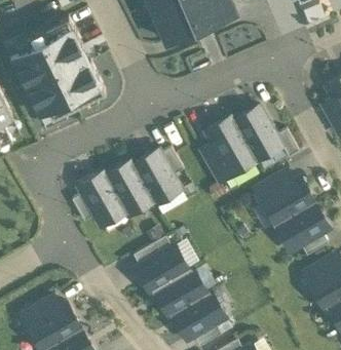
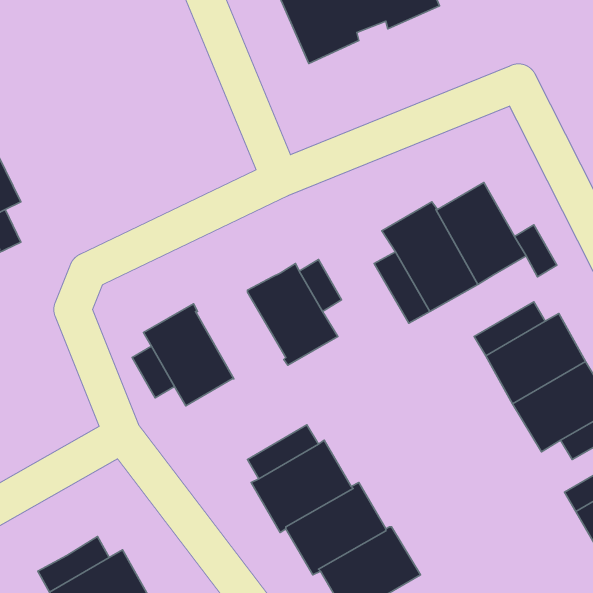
building: [10,18,106,119] -> none
building: [106,162,154,217] -> none

